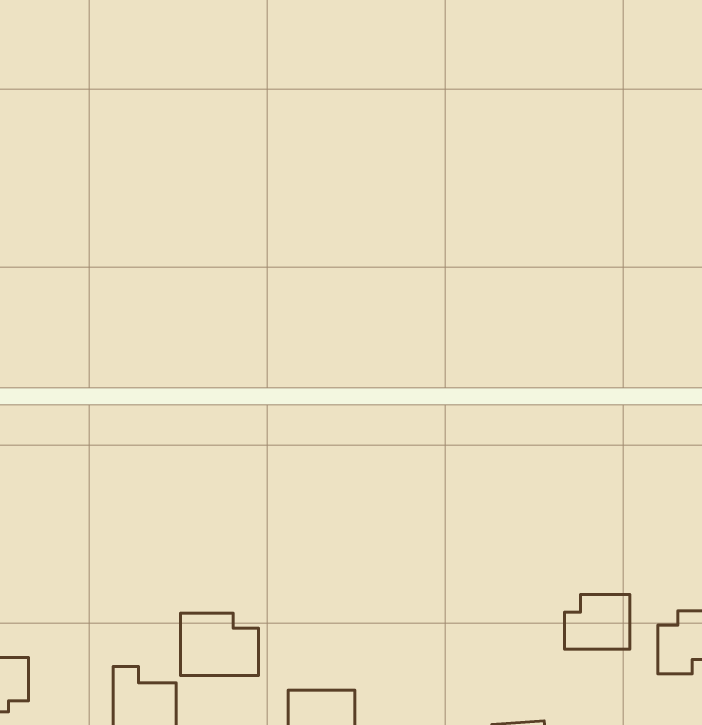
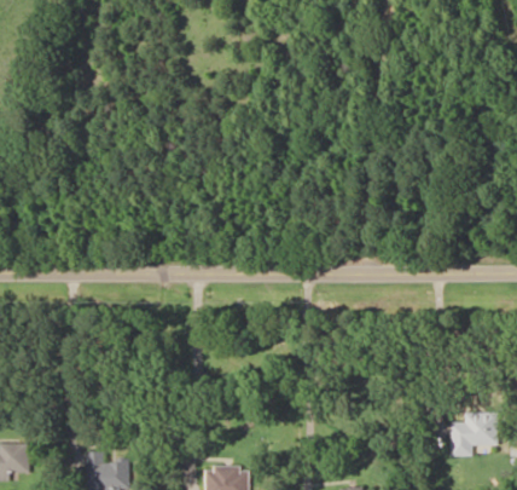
building: [565,594,630,649] -> none
building: [180,613,259,675] -> none

